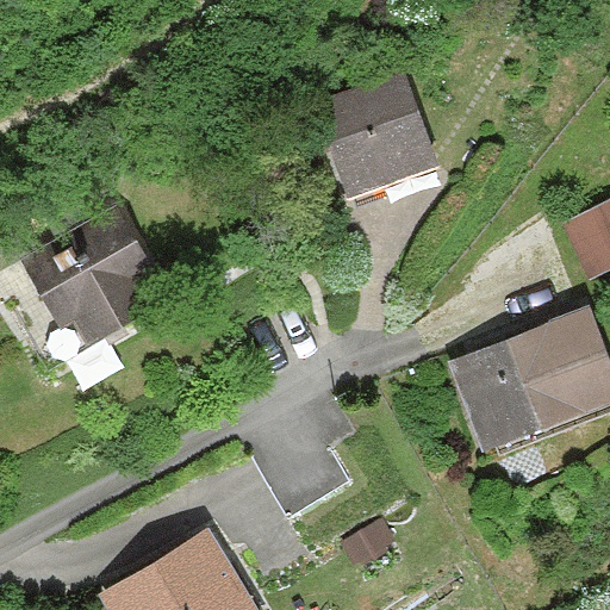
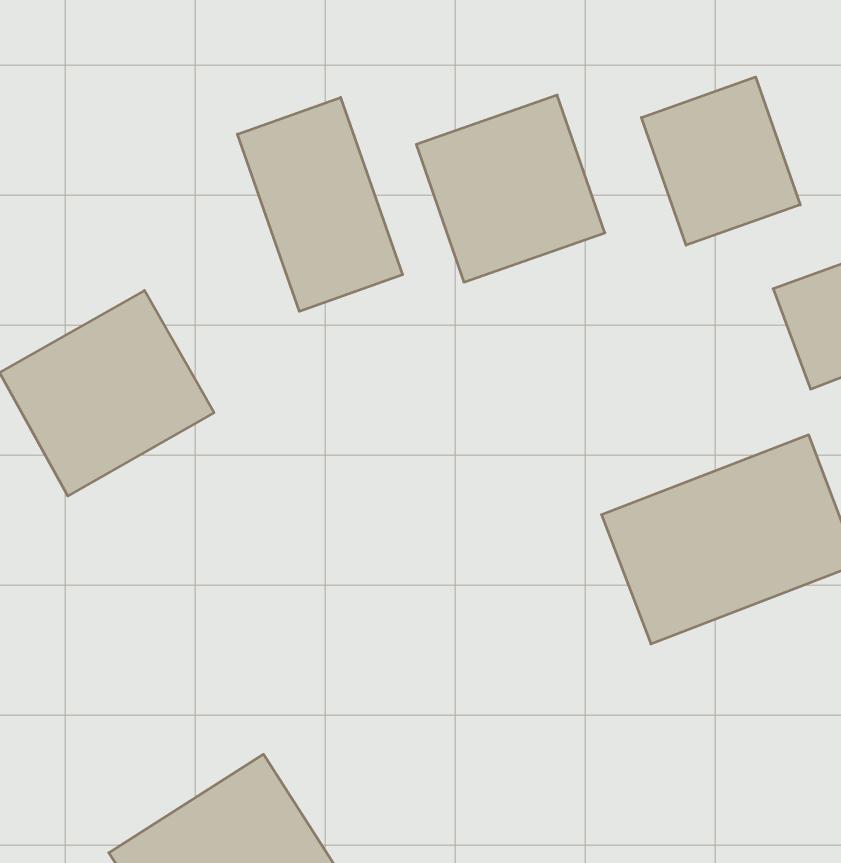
building: none -> [641,77,800,245]
building: none -> [237,97,403,311]

